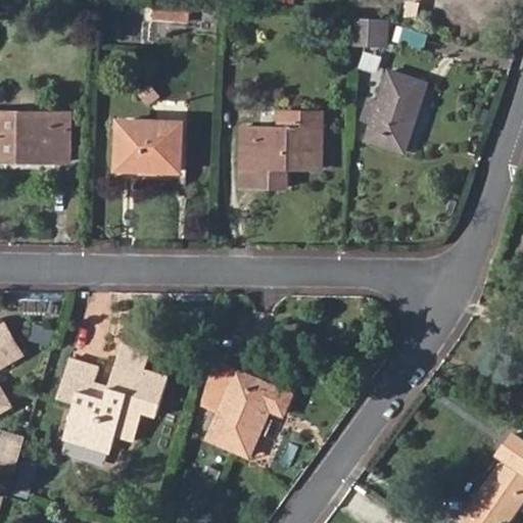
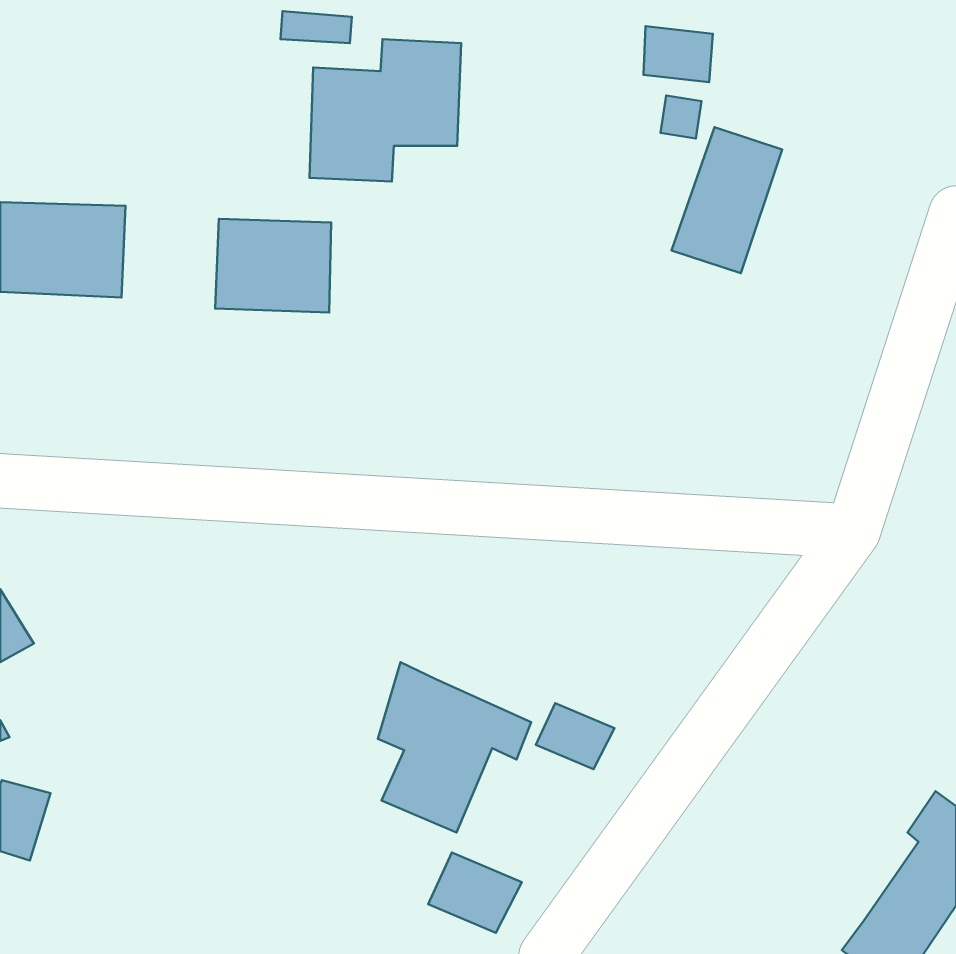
building: [240,111,323,189] -> [309,39,461,181]
building: [58,344,167,451] -> none
building: none -> [536,703,615,769]
building: none -> [428,853,522,933]

